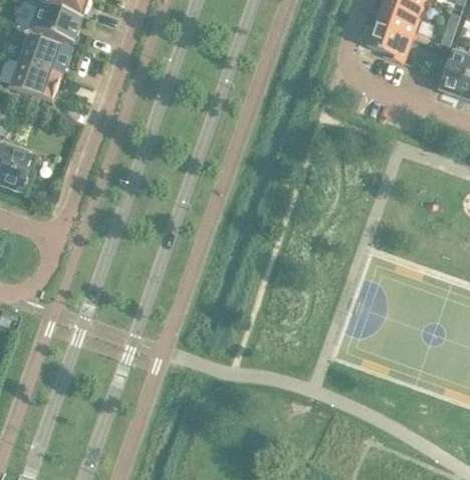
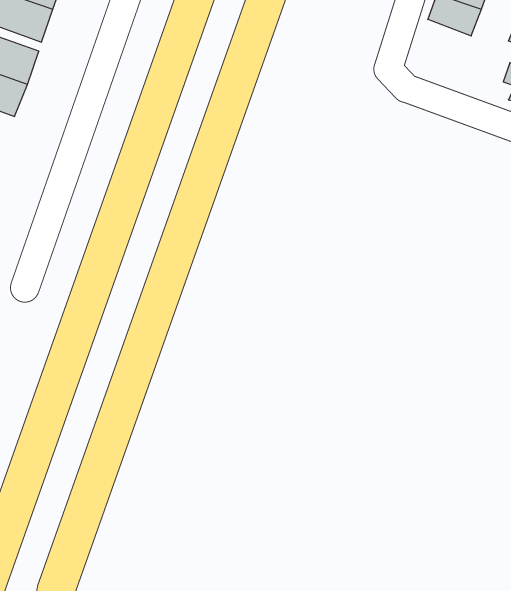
building: [369,25,410,62] -> none

